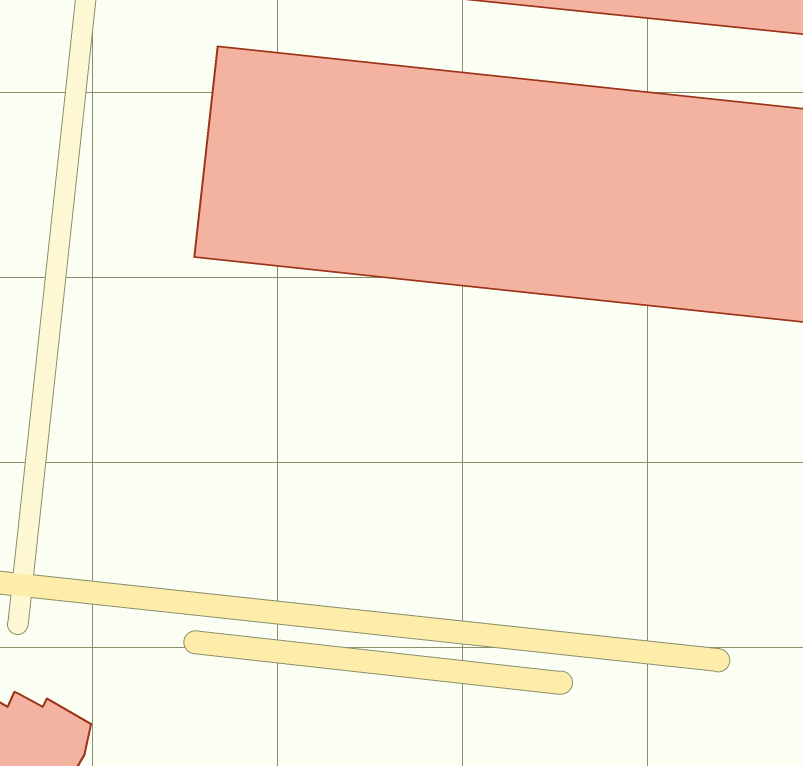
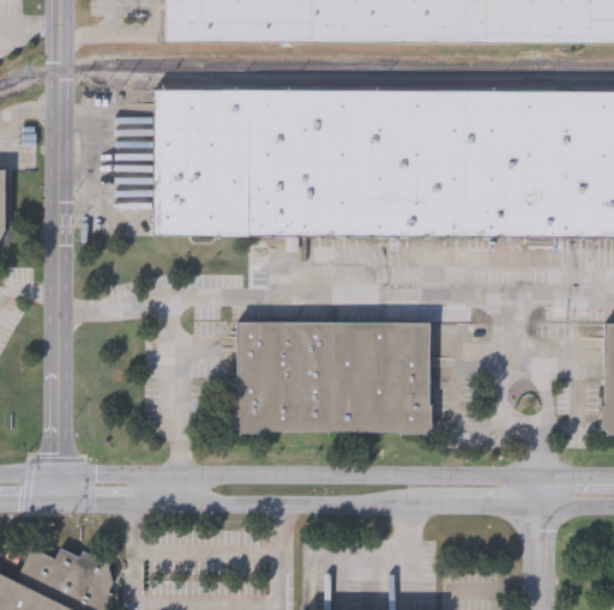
building: none -> [235,321,432,434]

